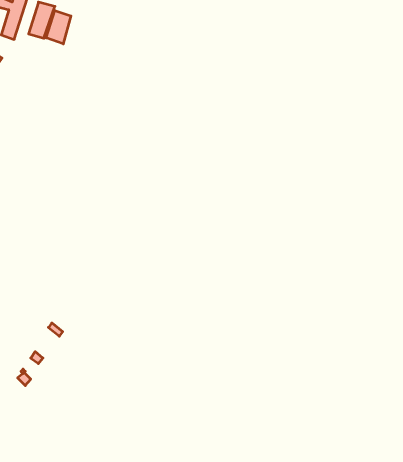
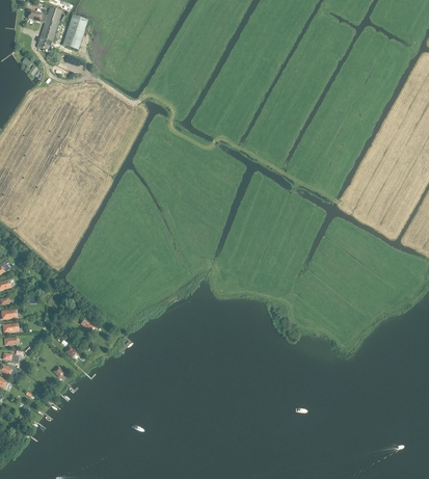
building: [46,11,71,44] -> none

